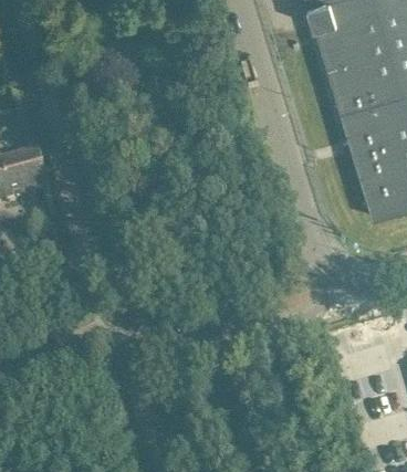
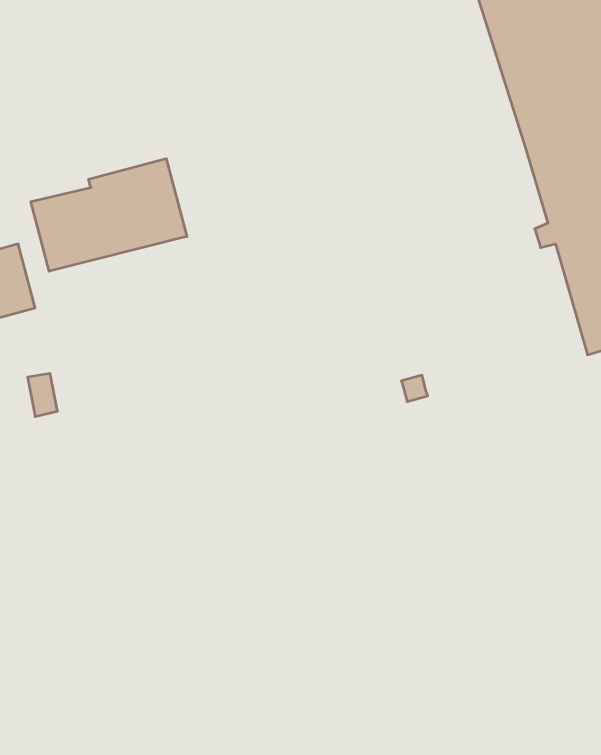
building: none -> [31,159,187,271]

